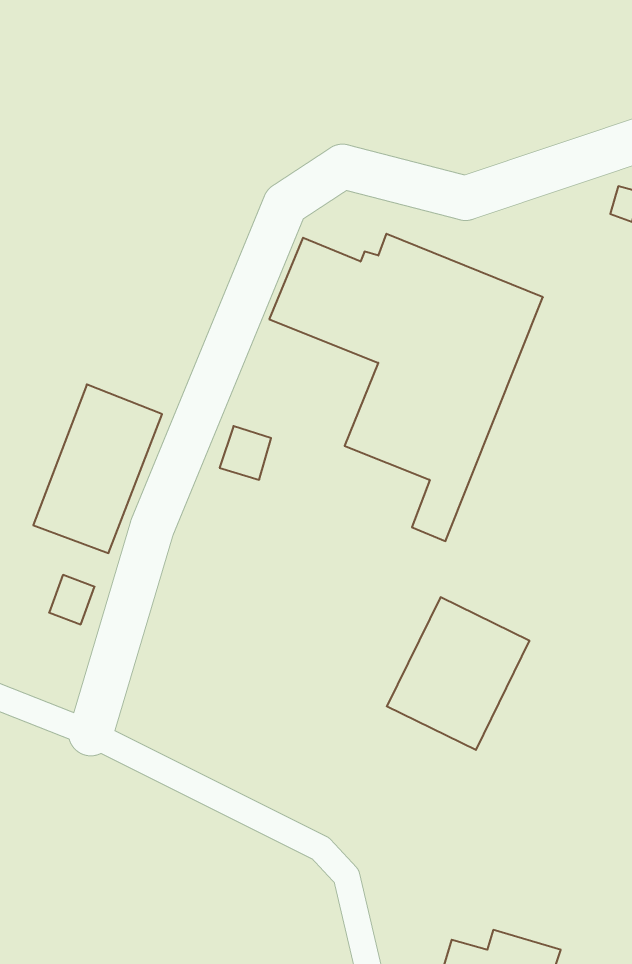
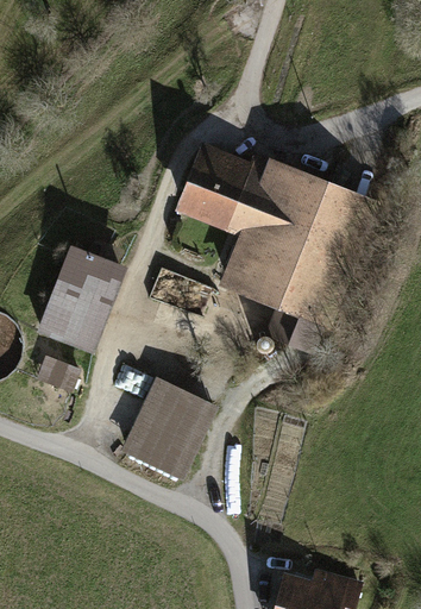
building: none -> [287,193,369,349]
building: [387,597,530,750] -> [124,381,209,472]

